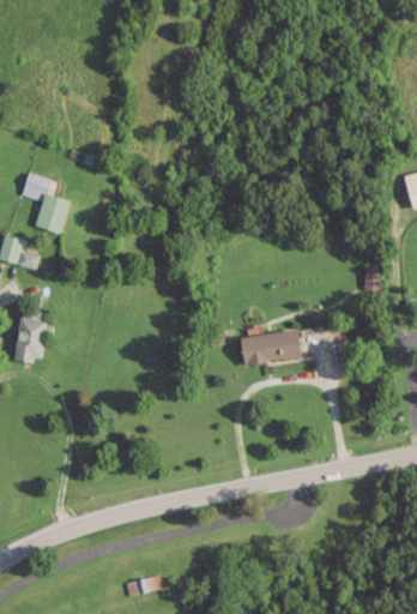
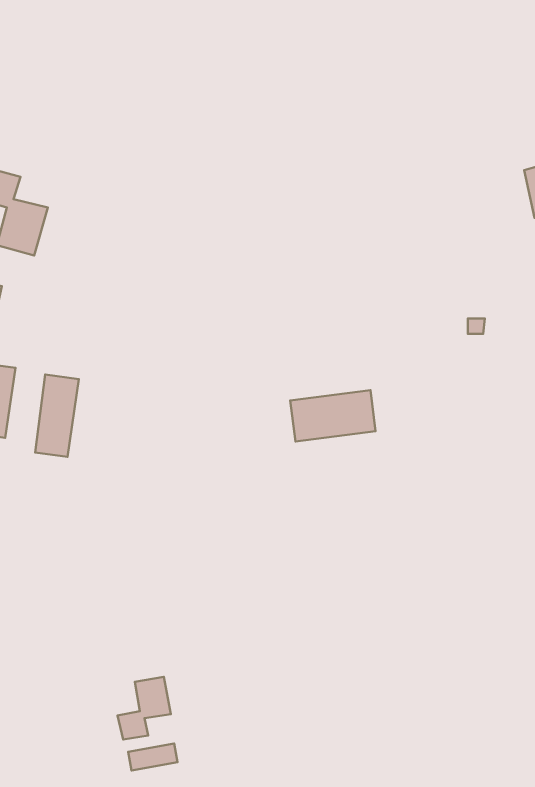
building: none -> [35,374,79,457]
building: none -> [118,677,171,740]

